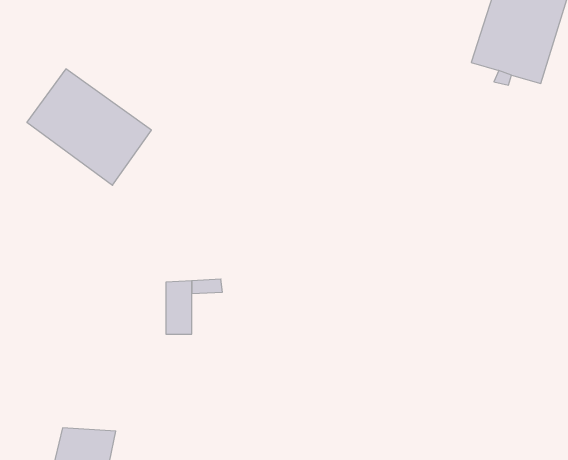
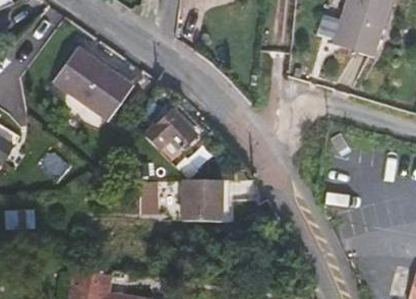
building: none -> [143,110,195,161]
building: none -> [180,179,222,222]

